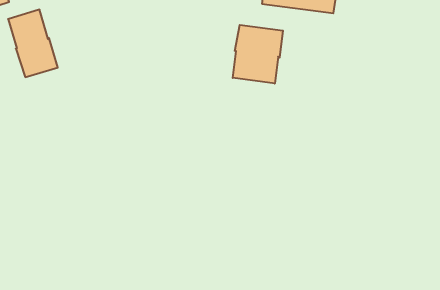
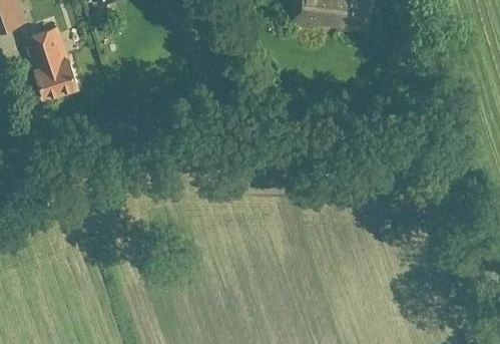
building: [233,25,283,84] -> none

